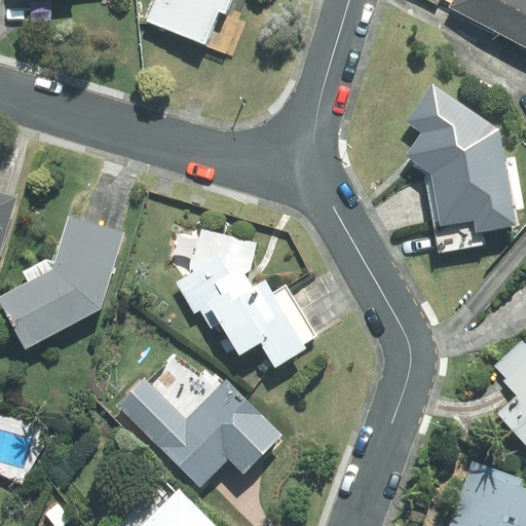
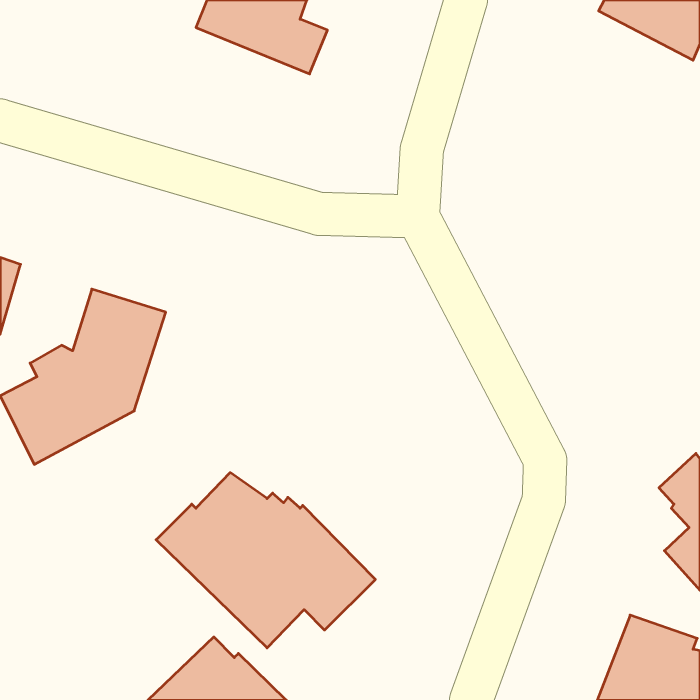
building: [407,86,516,235] -> none
building: [176,229,316,367] -> none

